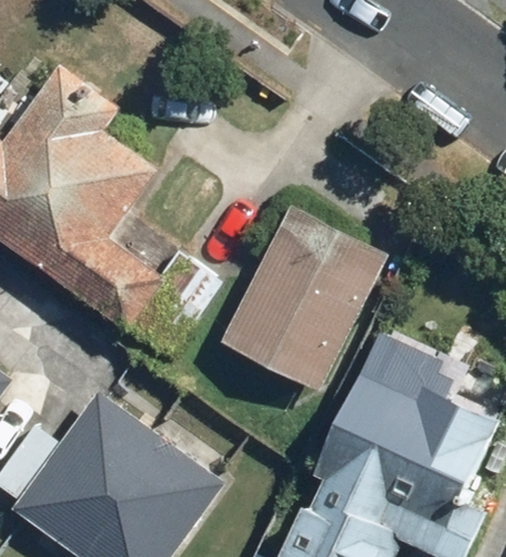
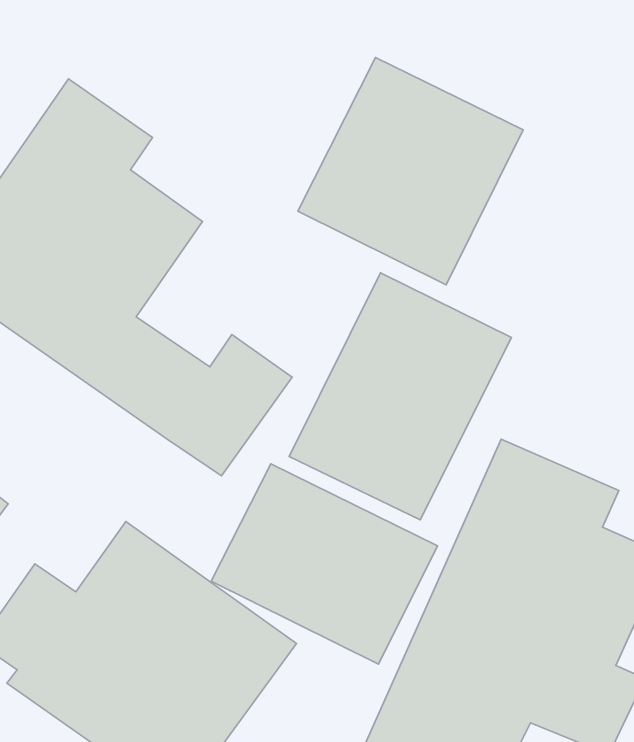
building: none -> [298,58,523,285]
building: none -> [211,464,438,664]

